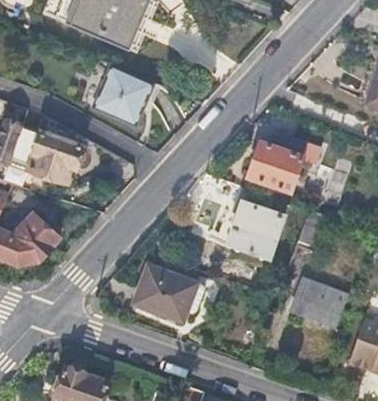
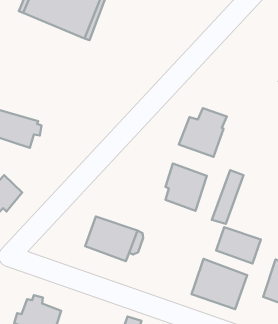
building: [92,65,154,127] -> none
building: none -> [192,259,247,309]

